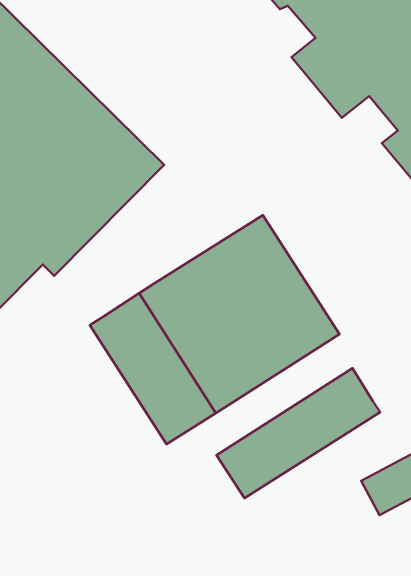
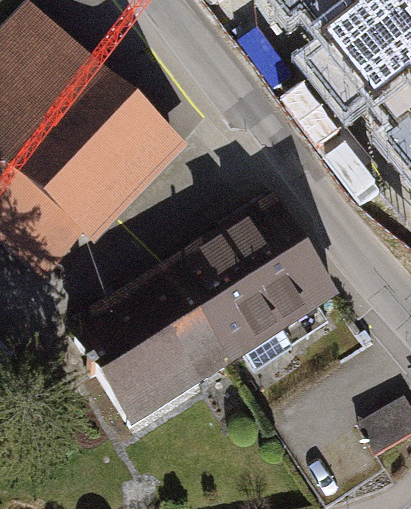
building: none -> [63,285,189,427]
building: [216,368,380,498] -> none

